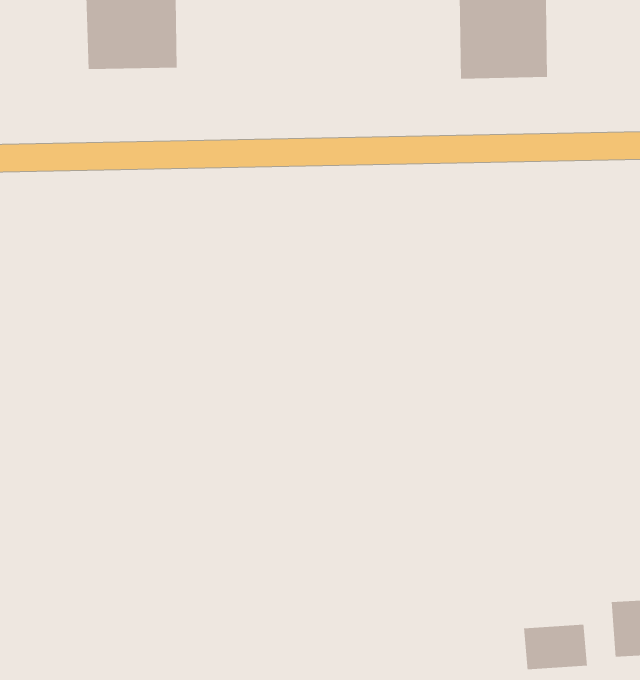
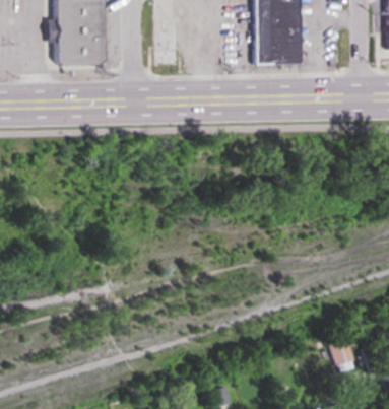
building: [524,624,587,670] -> none

